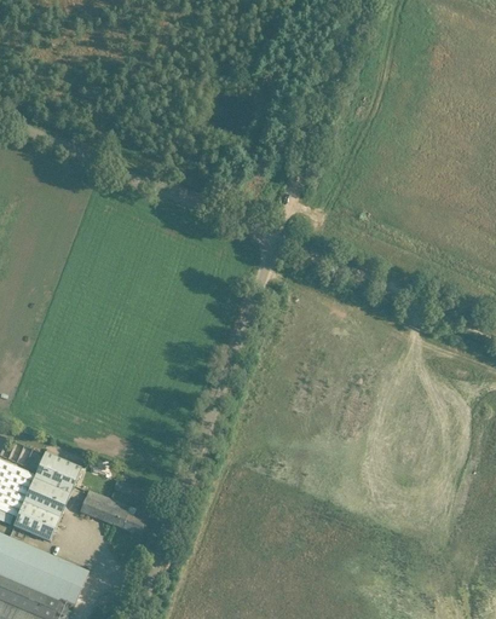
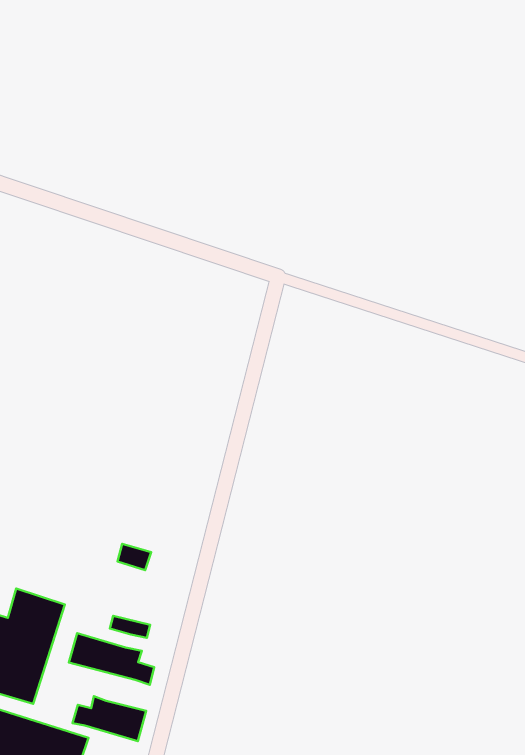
building: none -> [73,696,146,741]

